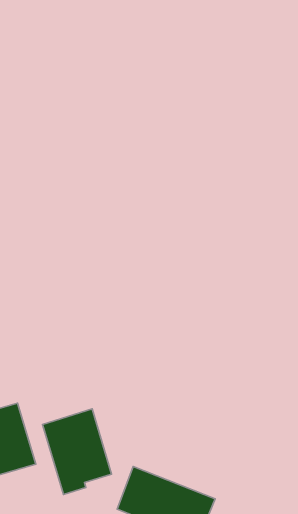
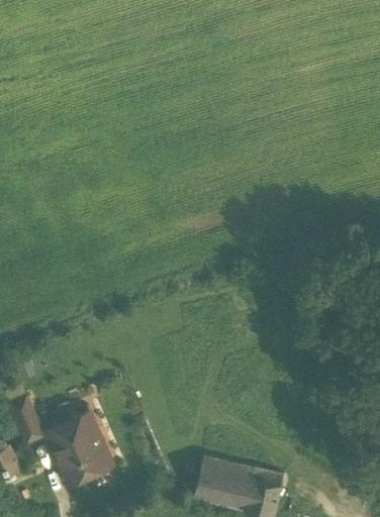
building: [43,409,112,495] -> none

